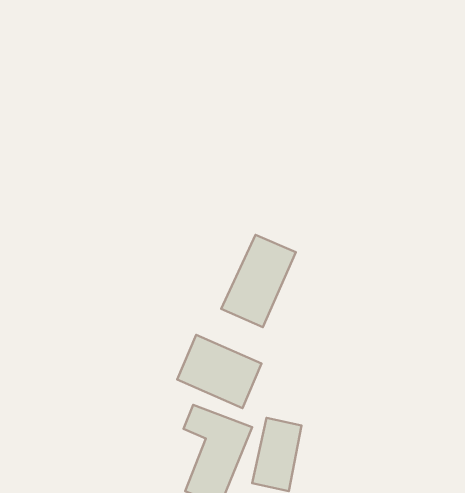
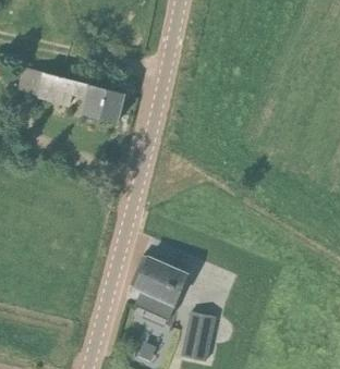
building: none -> [23,67,126,123]
building: [221,235,296,327] -> none

